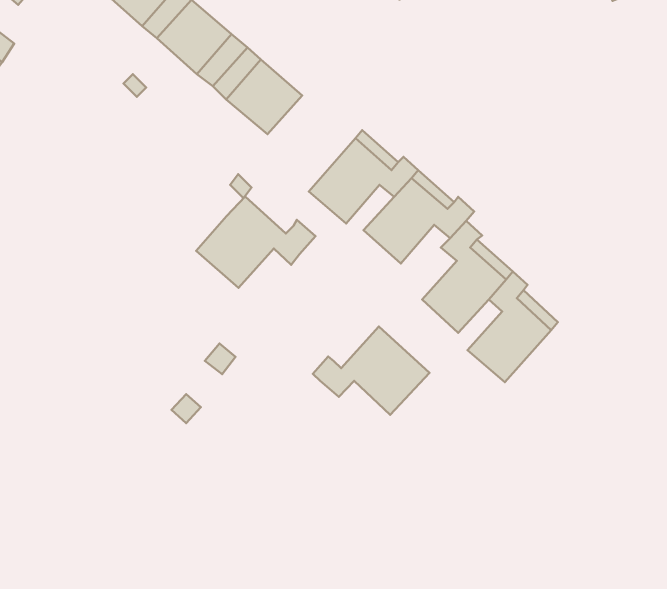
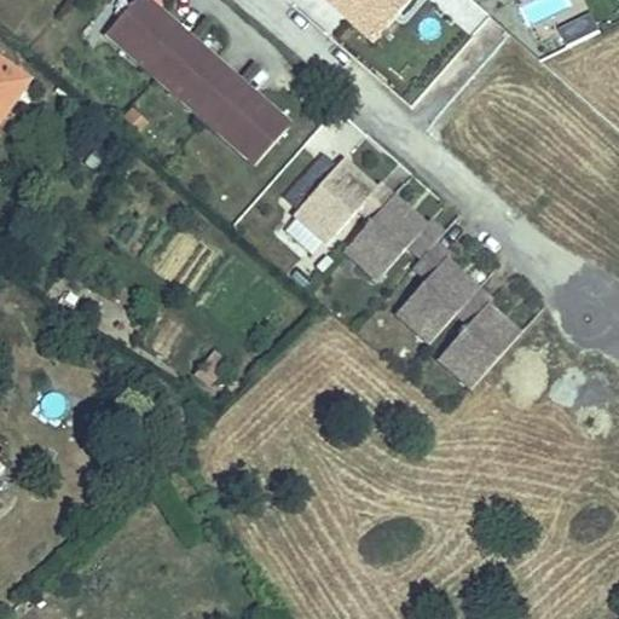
building: [196,196,315,288] -> none
building: [313,326,429,415] -> none

